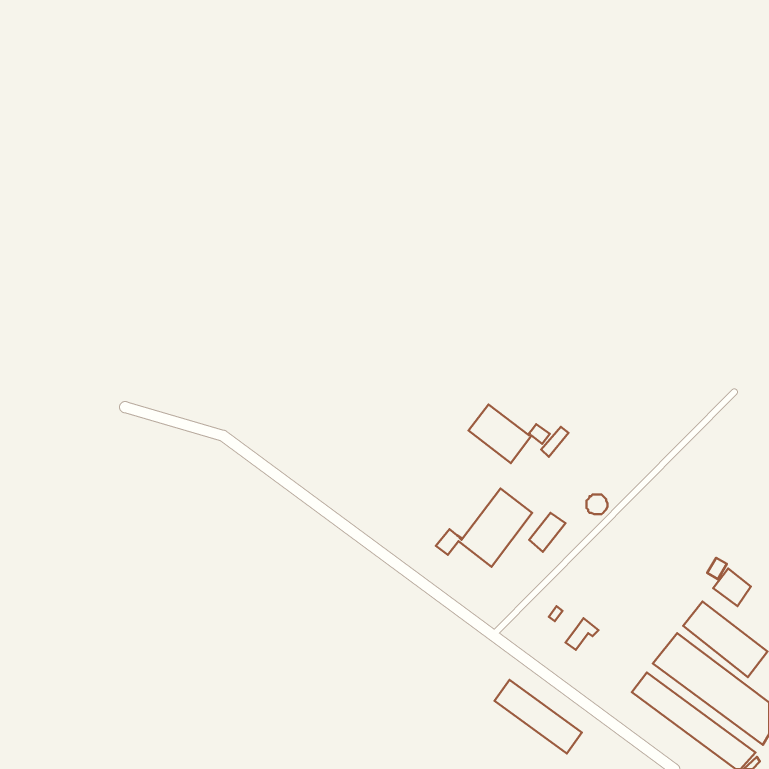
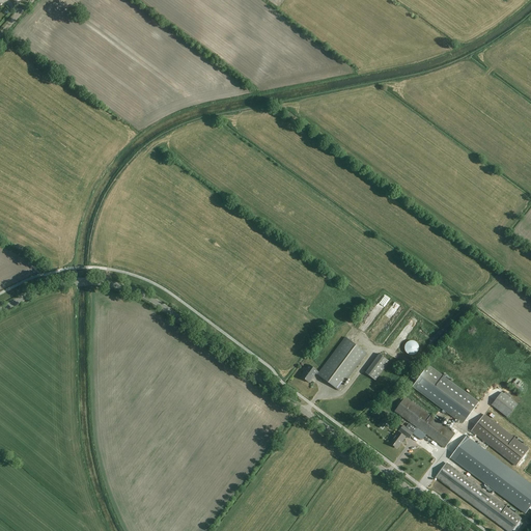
building: [469,404,550,463] -> none
building: none -> [413,364,478,423]
building: [494,680,582,754] -> [394,396,454,447]

